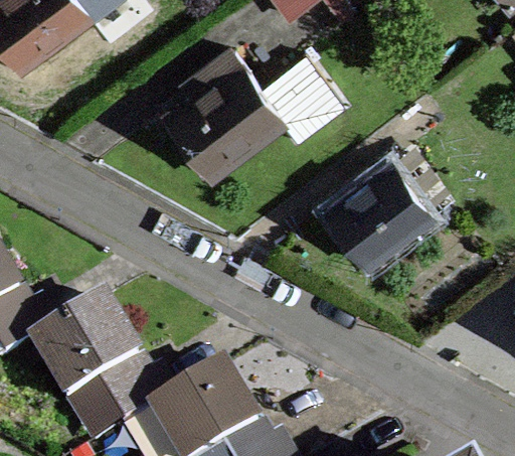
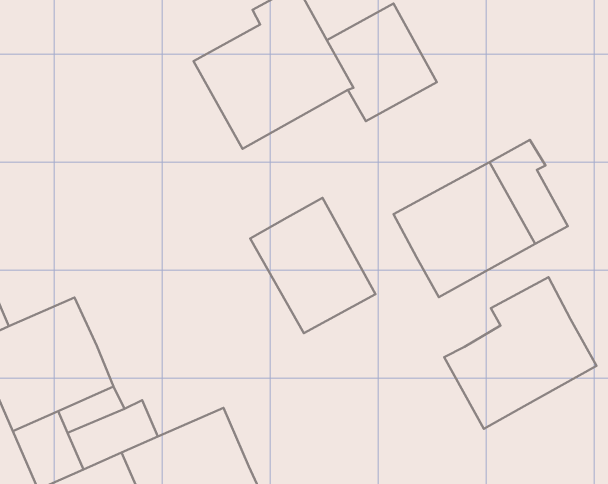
building: none -> [250,198,375,333]
building: none -> [444,277,597,429]

